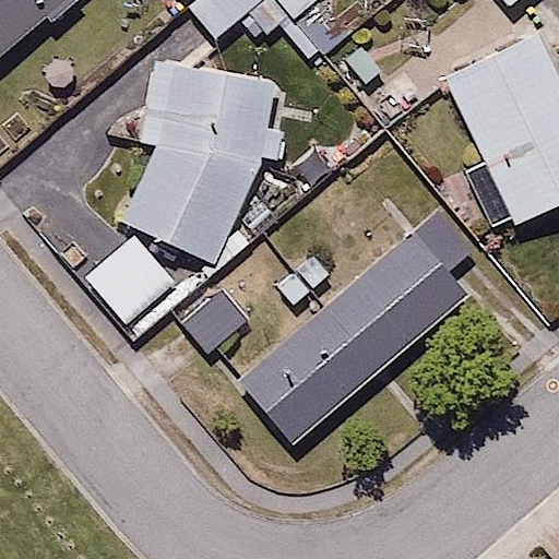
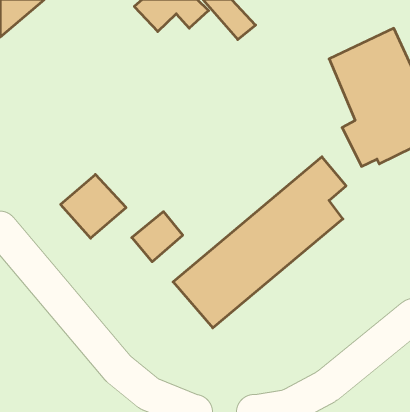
building: [121,63,284,263] -> none

